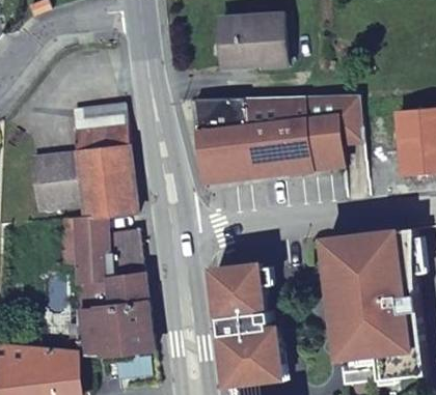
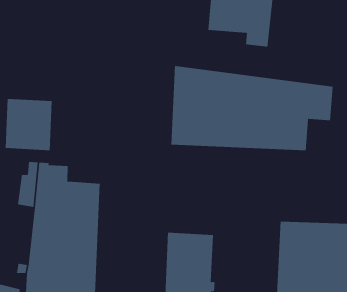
building: [72,106,136,221] -> none

